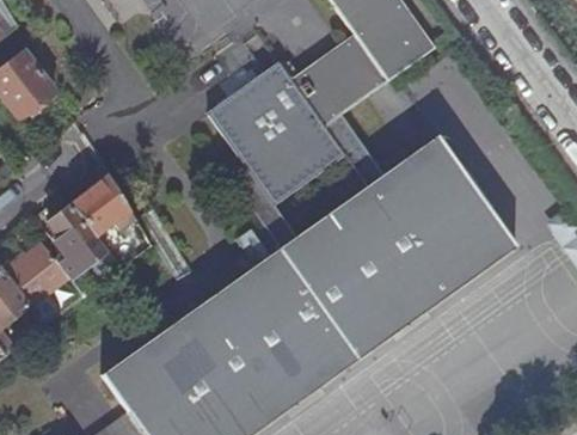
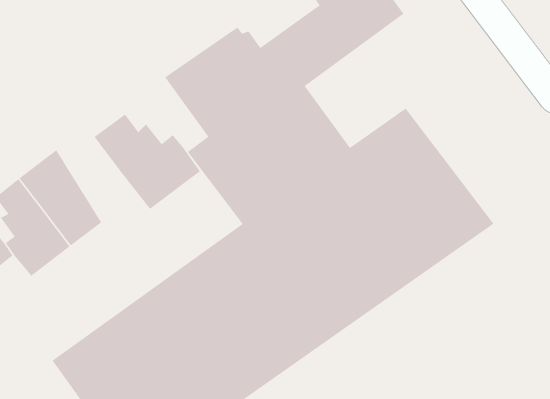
building: none -> [93,113,201,210]

